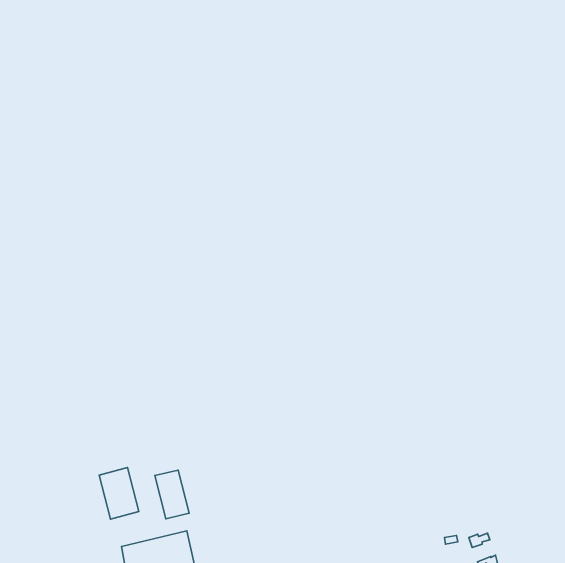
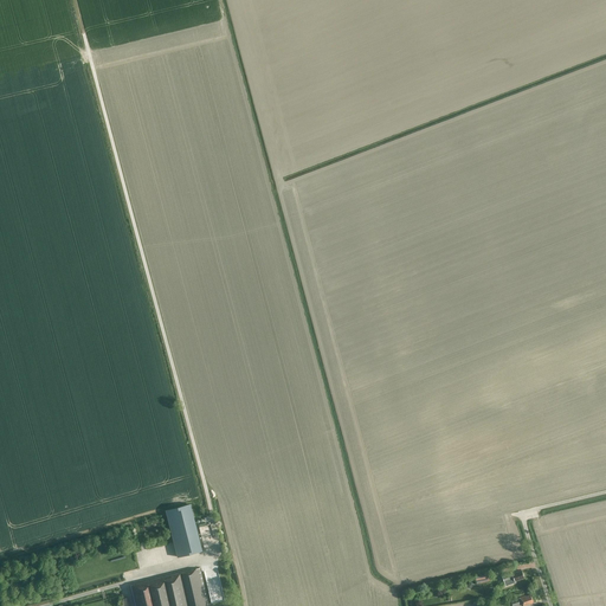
building: [99,468,139,519] -> none

